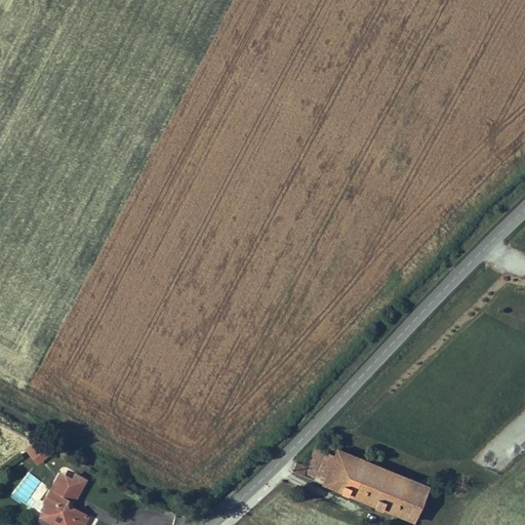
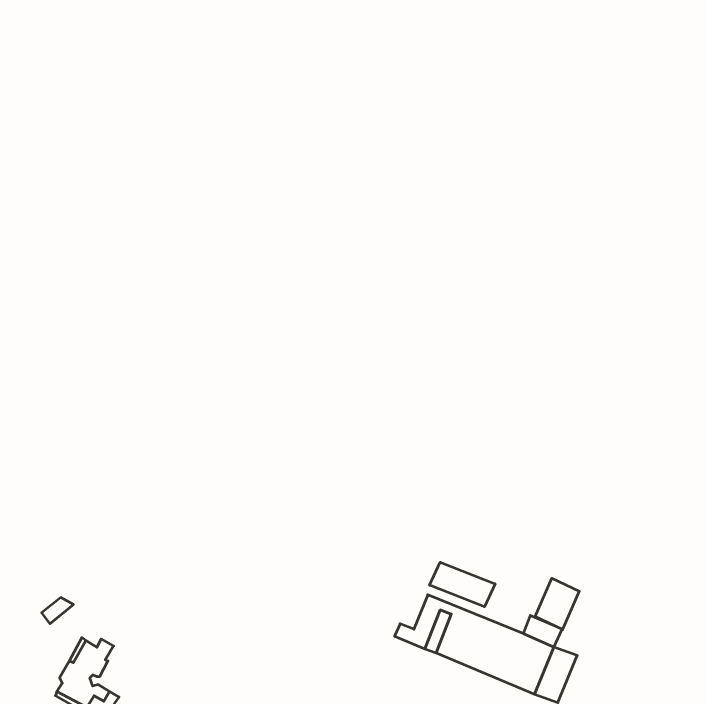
building: none -> [430,562,495,607]
building: none -> [535,578,579,630]

